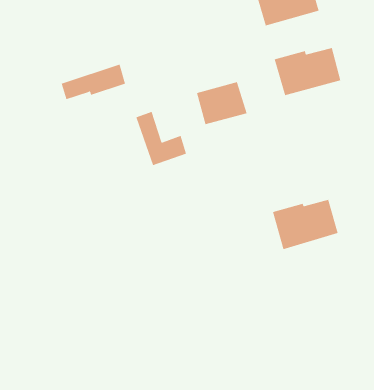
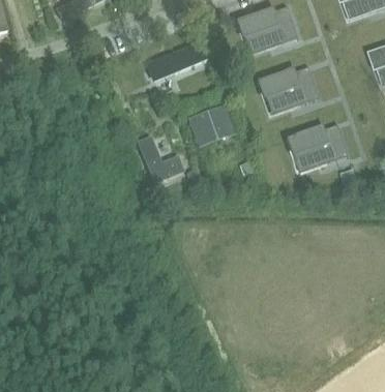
building: [61,64,126,100] -> [151,39,209,74]
building: [272,199,338,250] -> [287,124,347,172]

